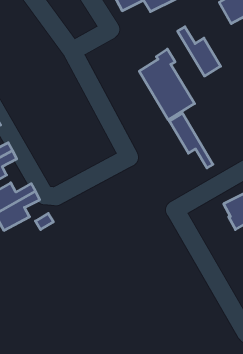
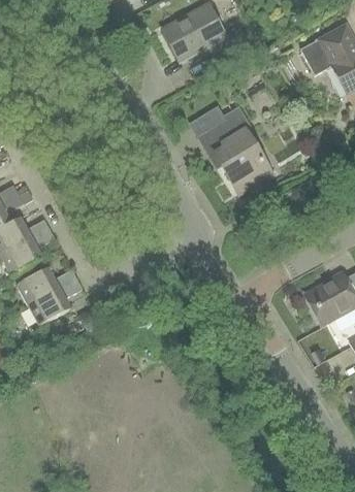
building: [178,27,221,76] -> none
building: [169,113,213,168] -> none

